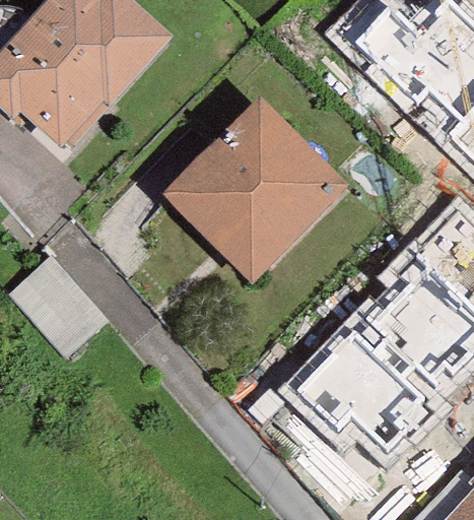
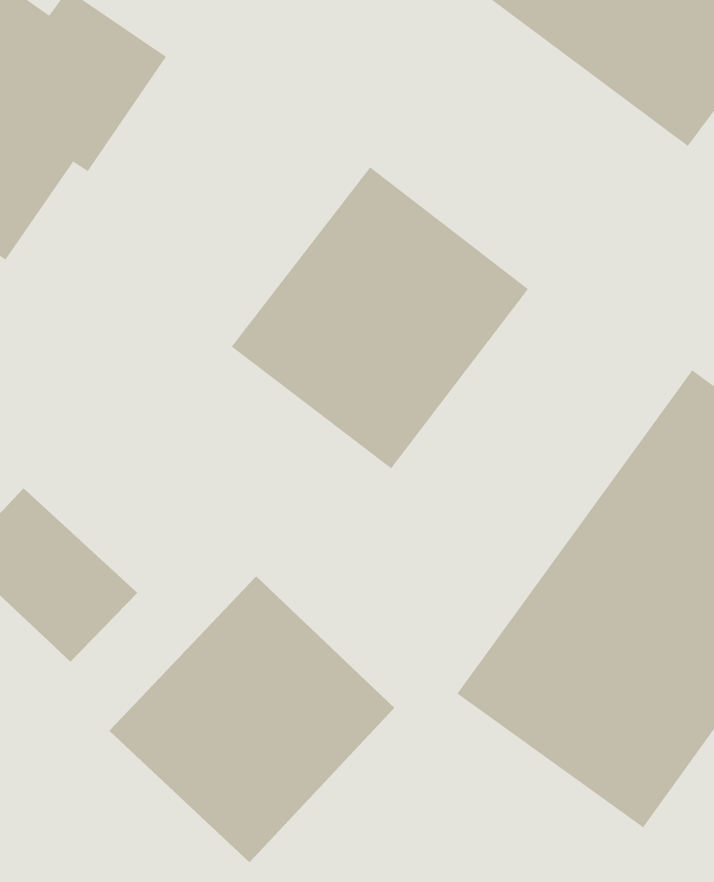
building: none -> [109,576,395,863]

